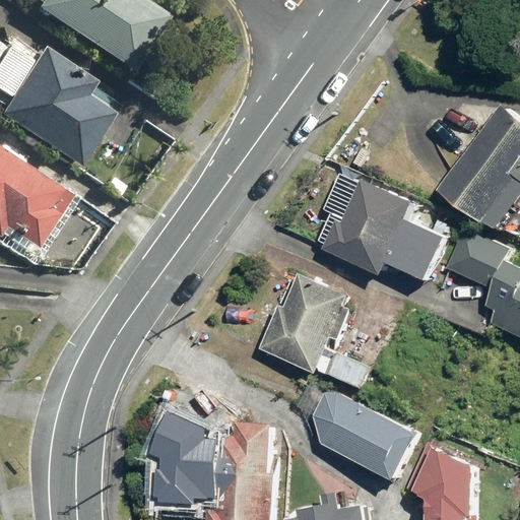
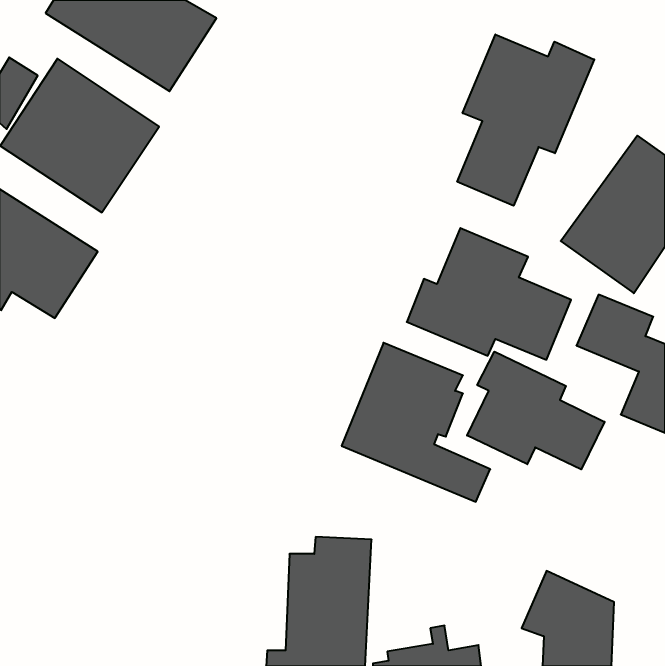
building: none -> [457,34,594,206]
building: none -> [467,352,605,469]
building: [295,383,413,481] -> none
building: [149,409,213,498] -> none

